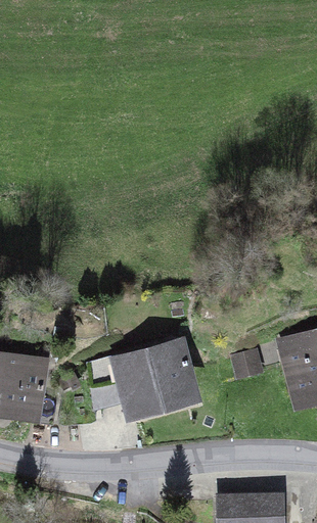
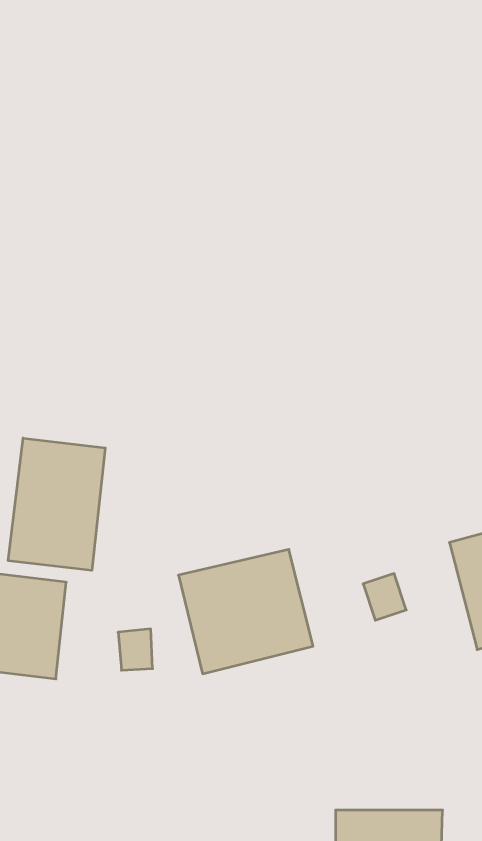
building: none -> [8,438,105,570]

